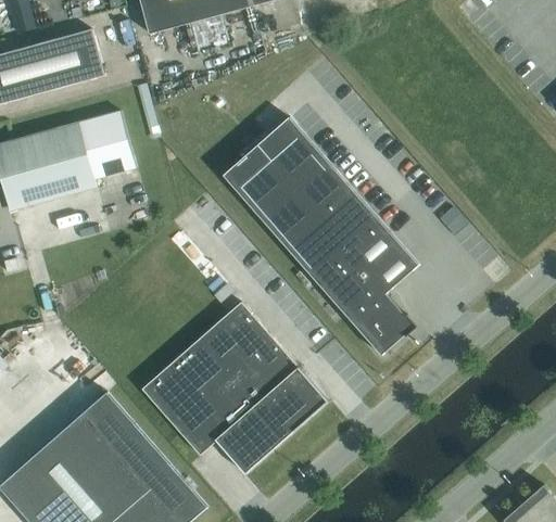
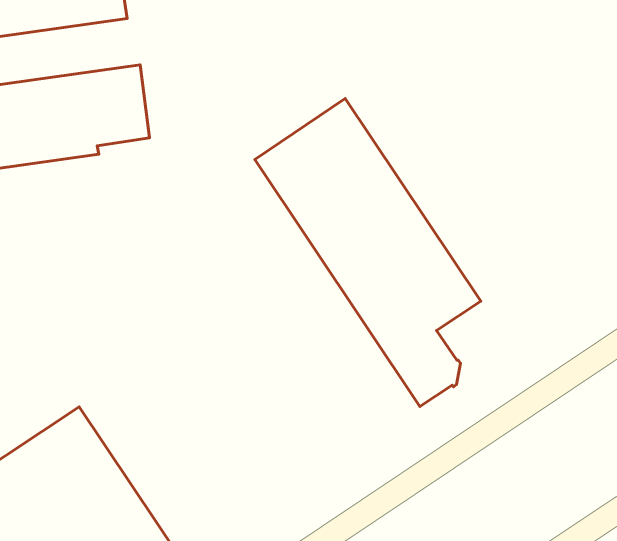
building: [141,302,328,473] -> none

